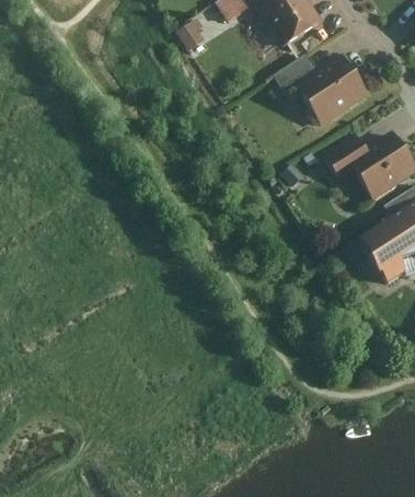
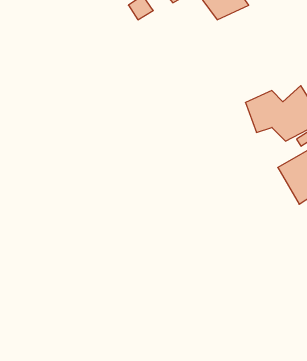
building: [273,55,373,124] -> none

